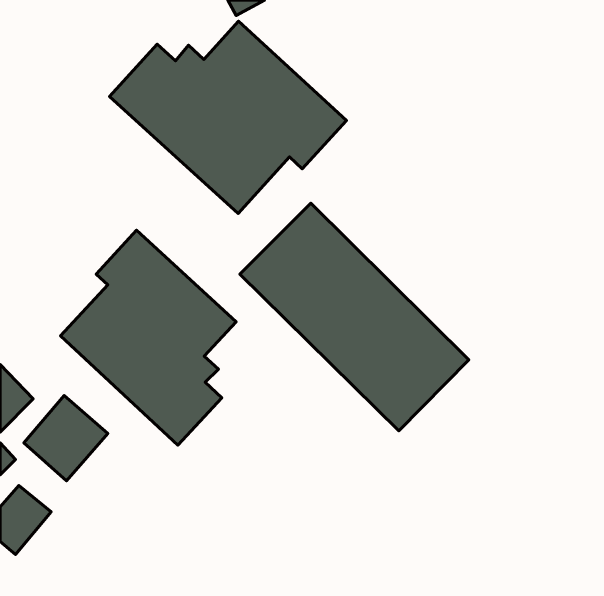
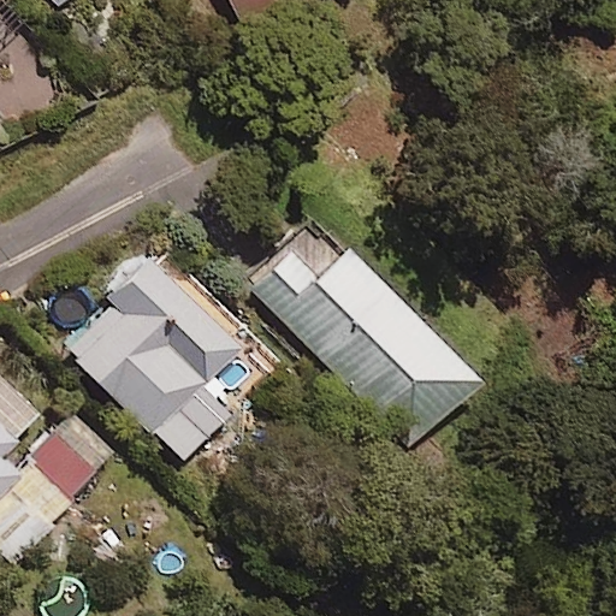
building: [109,21,346,214] -> none

